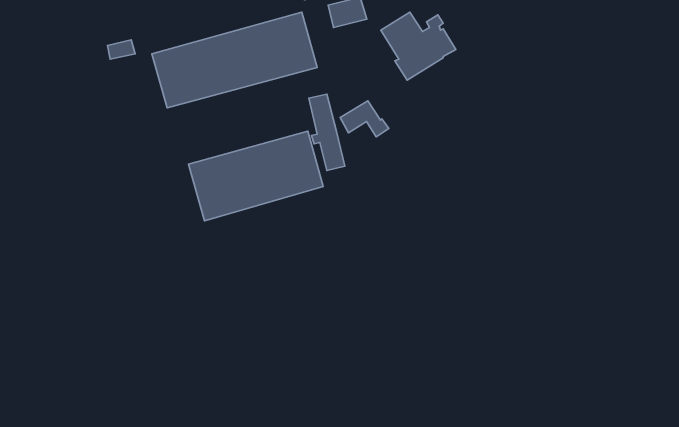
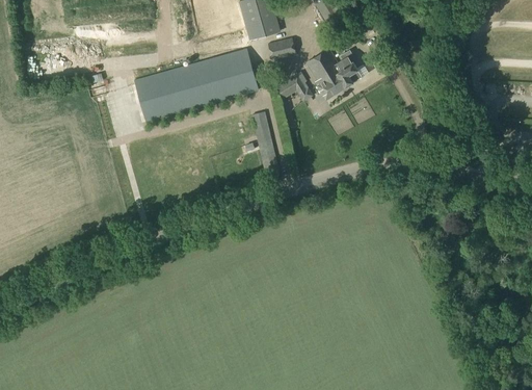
building: [340,101,389,137] -> [275,72,312,99]
building: [189,131,323,221] -> none

